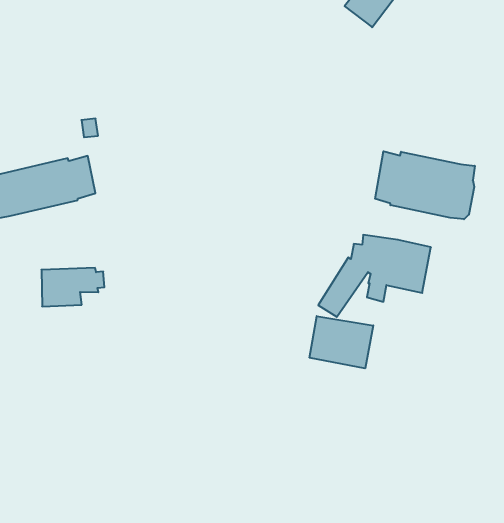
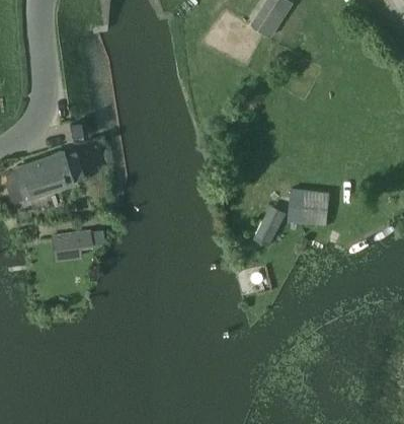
building: [375,151,475,219] -> none
building: [310,316,373,368] -> none

